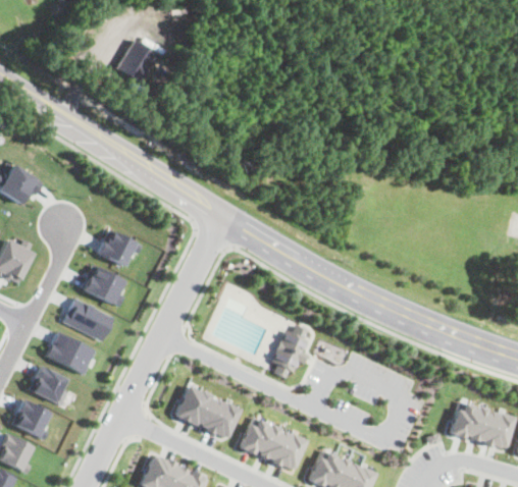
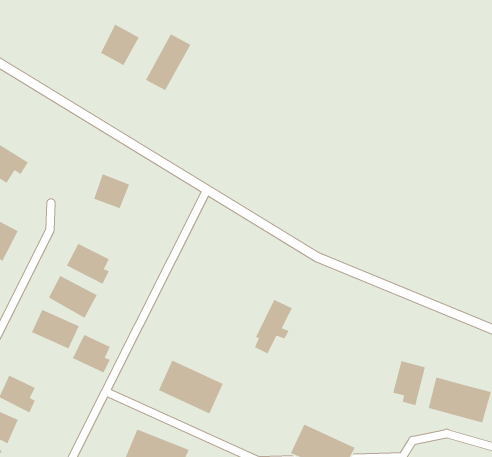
building: none -> [145,33,191,91]
building: [98,229,136,266] -> [93,173,130,209]
building: [28,365,67,405] -> [72,334,111,374]
building: none -> [392,360,426,406]
building: [240,415,308,472] -> none

